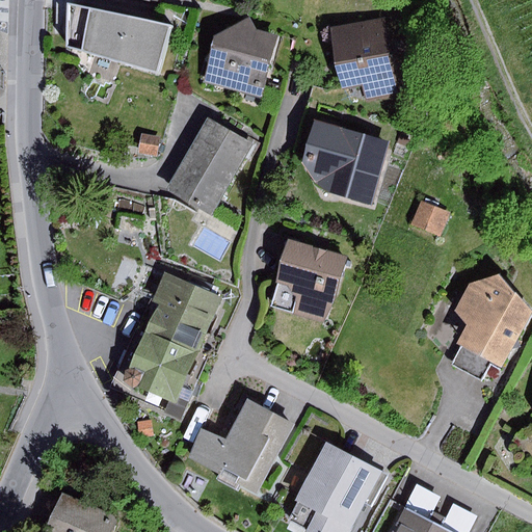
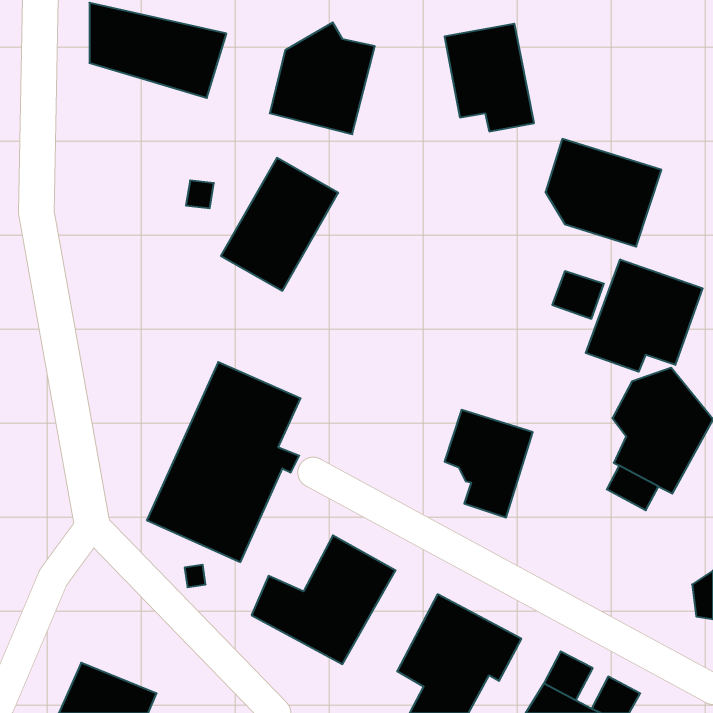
building: [302,123,389,203] -> [545,139,661,247]
building: none -> [586,259,703,372]
building: [276,242,342,322] -> [445,410,533,518]

